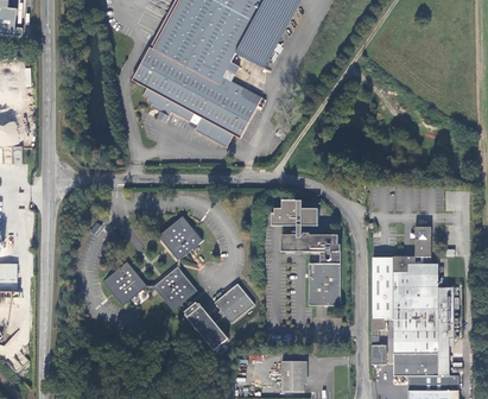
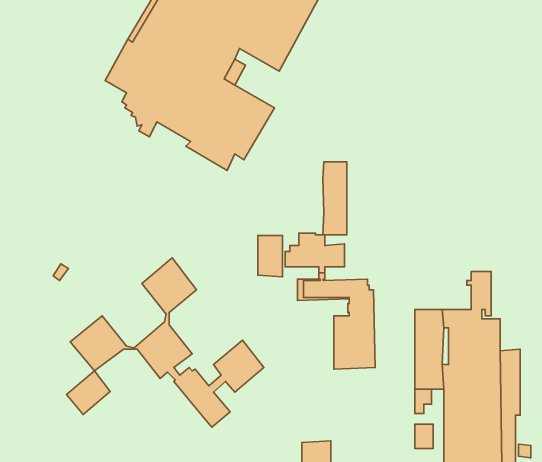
building: none -> [323,162,347,235]
building: none -> [258,235,283,277]
building: none -> [66,371,110,414]

